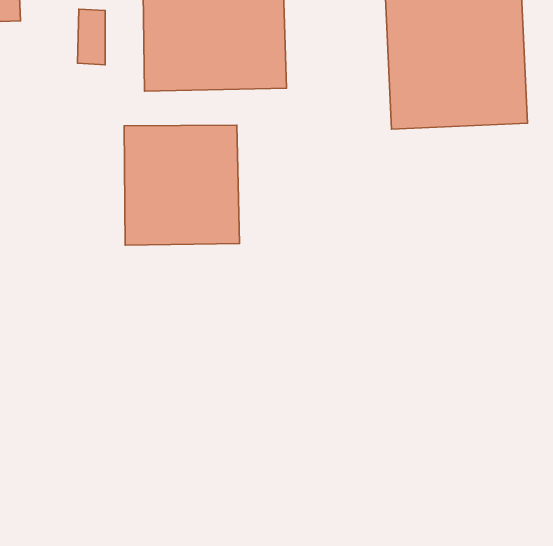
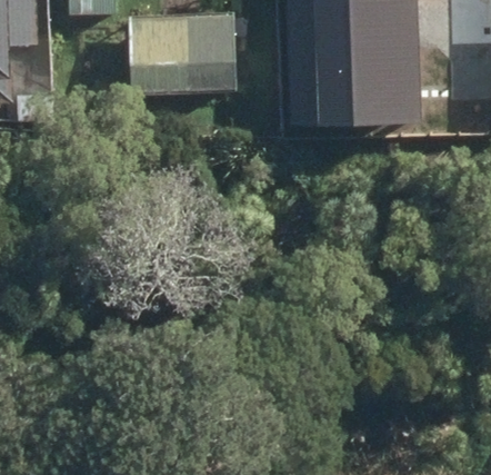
building: [124,125,239,245] -> none

